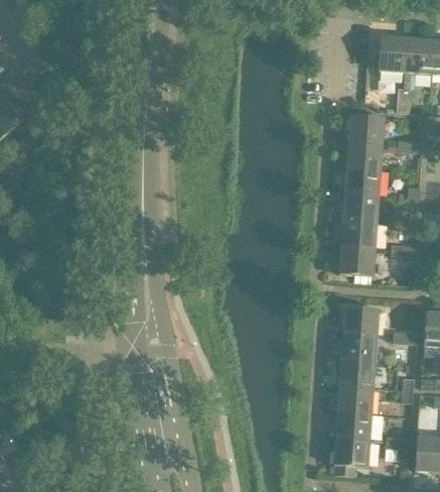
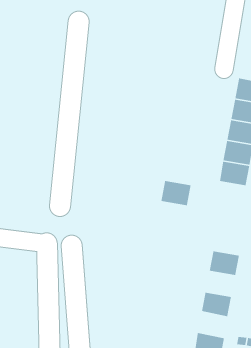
building: [338,246,375,275] -> [160,180,191,206]
building: [342,305,379,335] -> none
building: [338,359,375,387] -> none
building: [334,410,371,440] -> none

